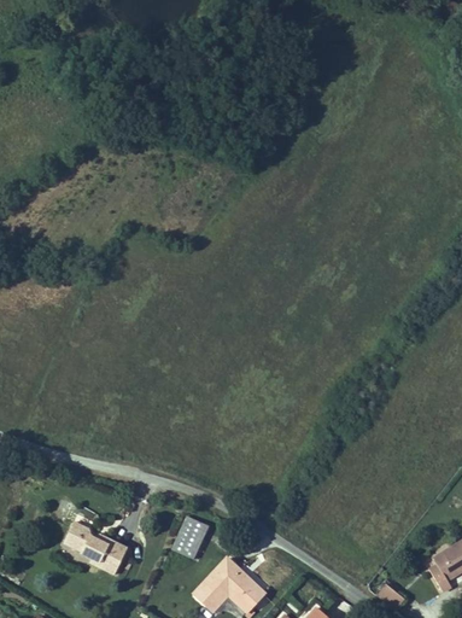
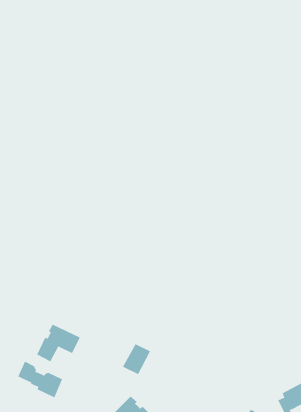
building: none -> [36,324,80,362]
building: [168,519,207,562] -> [122,343,151,375]

